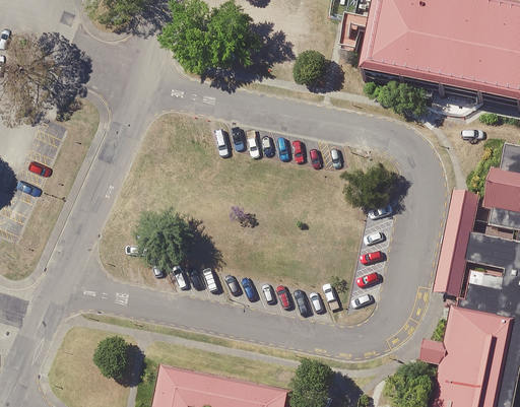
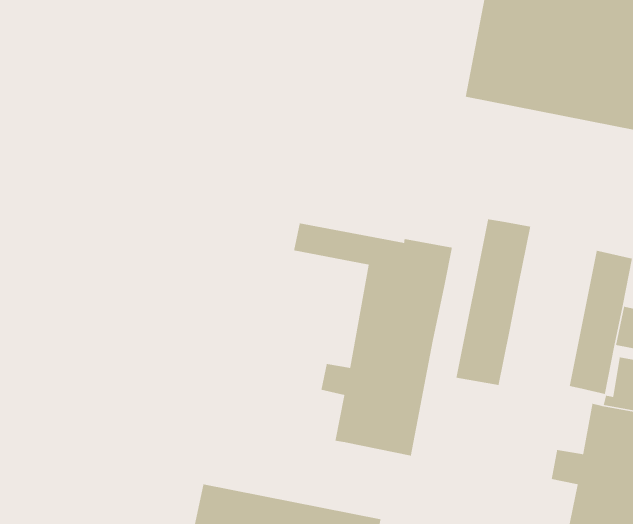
building: none -> [456,218,531,386]
building: none -> [293,223,453,456]

